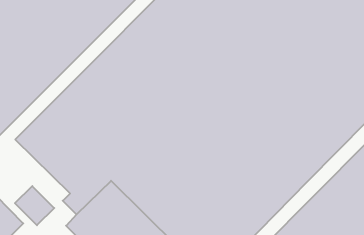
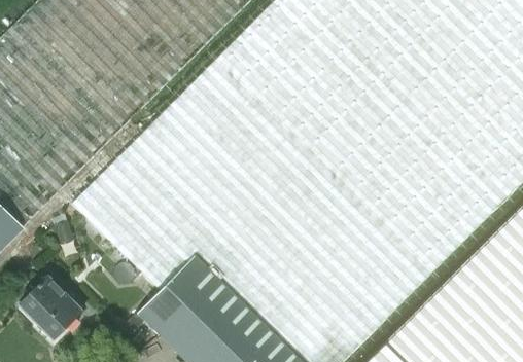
building: [15,186,54,225] -> none

